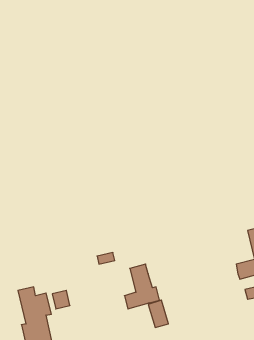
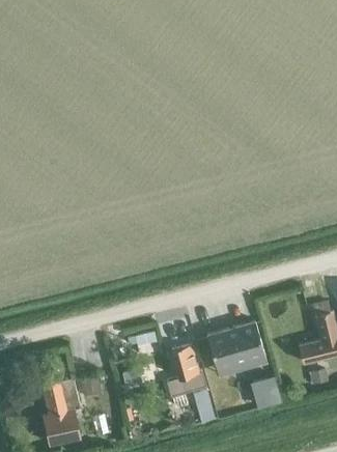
building: none -> [205,322,263,370]
building: none -> [249,376,282,409]

